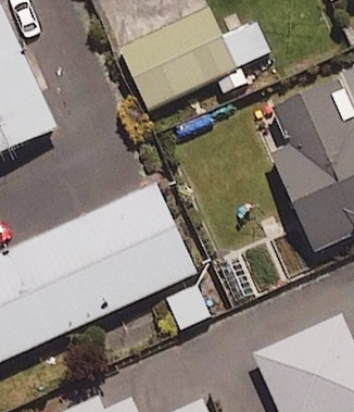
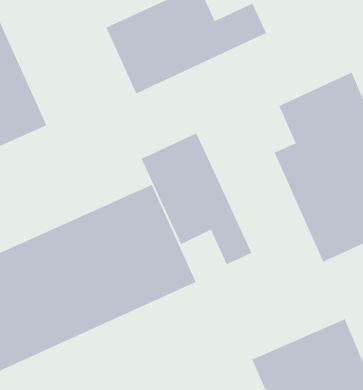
building: none -> [141,132,252,265]

